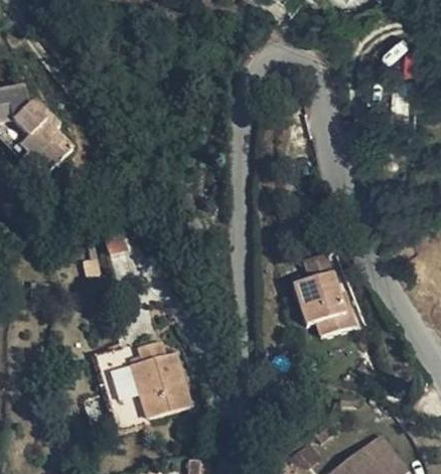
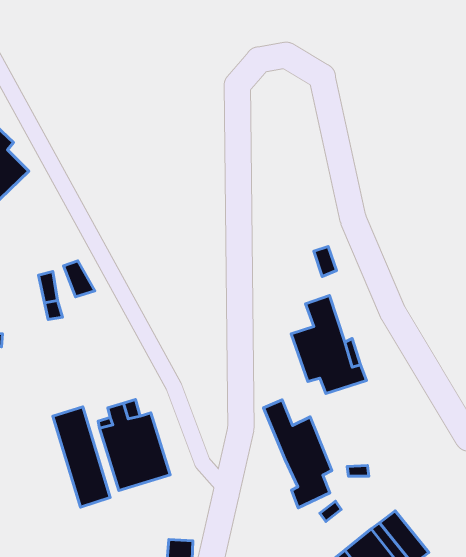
building: none -> [263,400,332,508]

